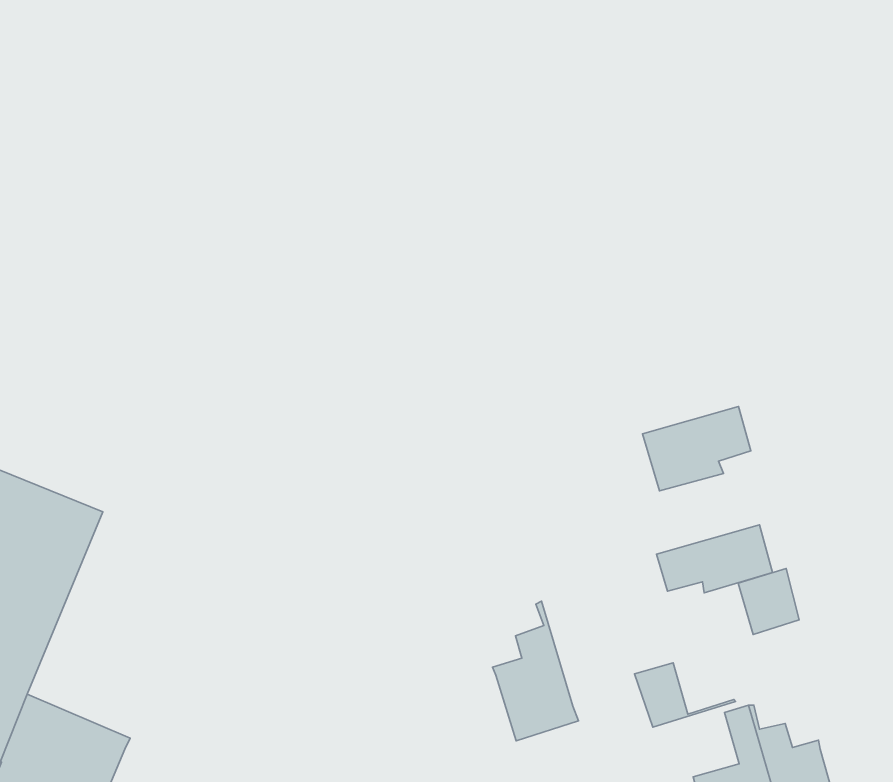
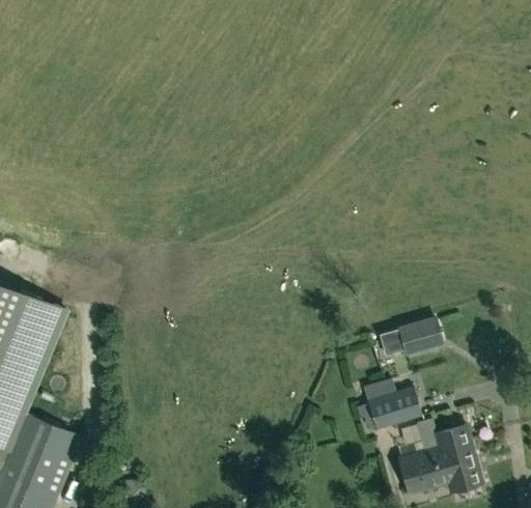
building: [643,406,751,491] -> none
building: [738,568,799,635] -> [387,386,421,423]
building: [492,601,579,741] -> none

